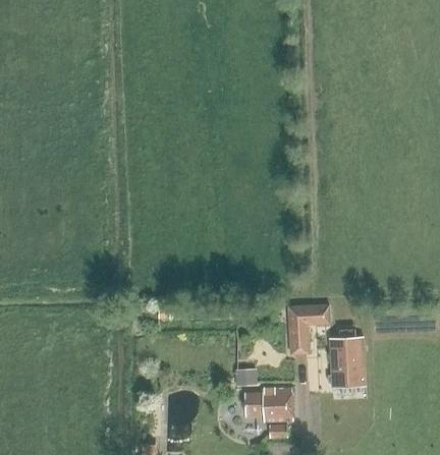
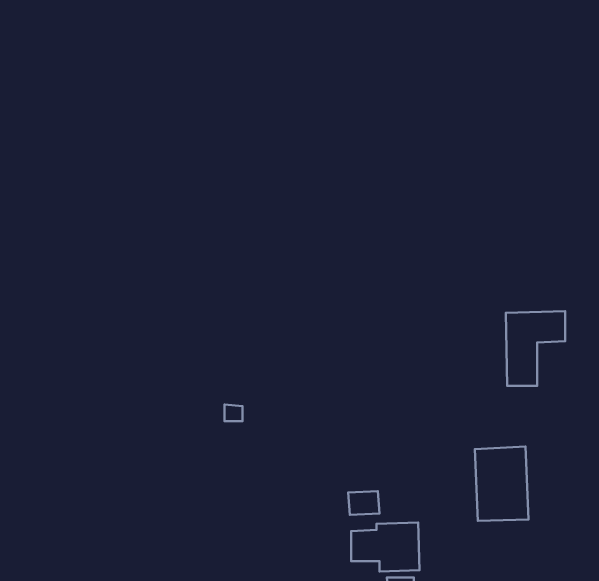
building: [288,302,329,353] -> [506,311,565,386]

